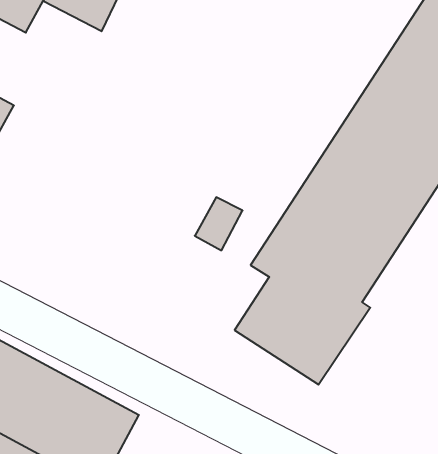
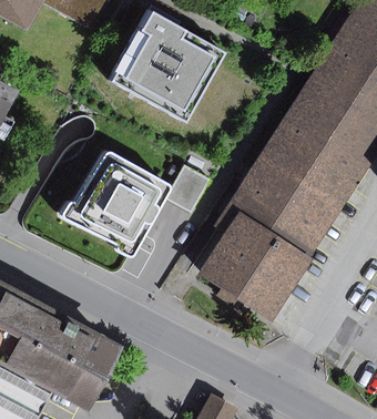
building: none -> [108,8,218,117]
building: none -> [58,150,164,254]

